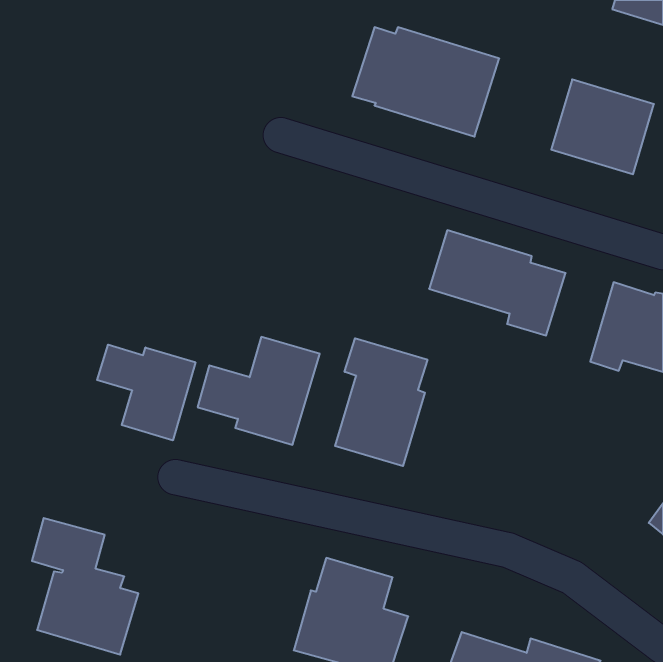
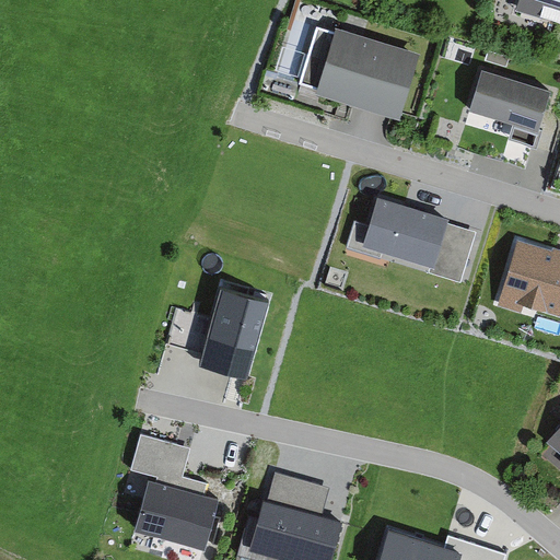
building: [335,338,427,466] -> none
building: [97,345,195,440] -> none
building: [32,518,138,655] -> [129,434,219,549]

